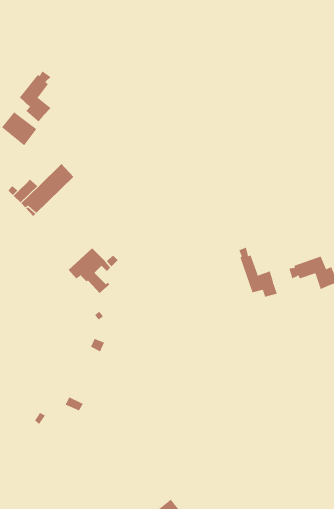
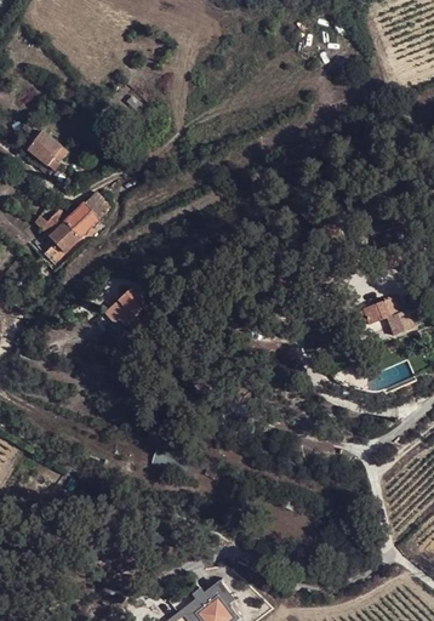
building: [19,70,52,122] -> none
building: [238,247,277,298] -> none

